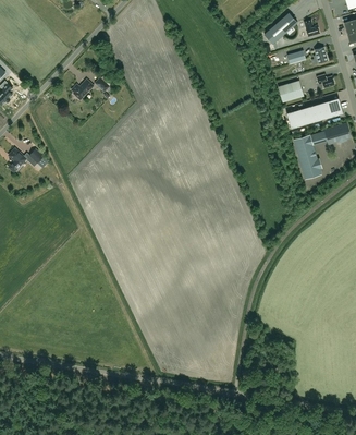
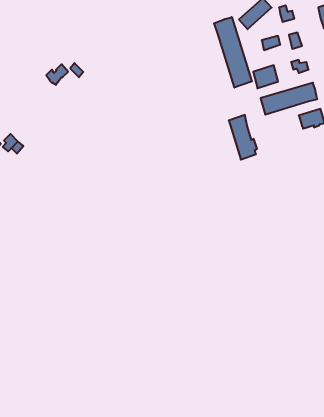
building: none -> [214,17,252,88]
building: [294,134,322,179] -> [229,115,257,160]

